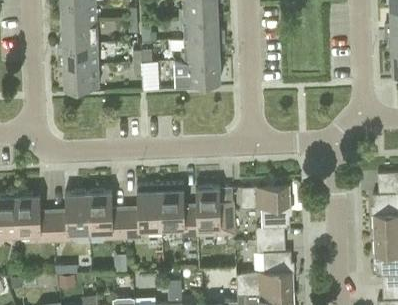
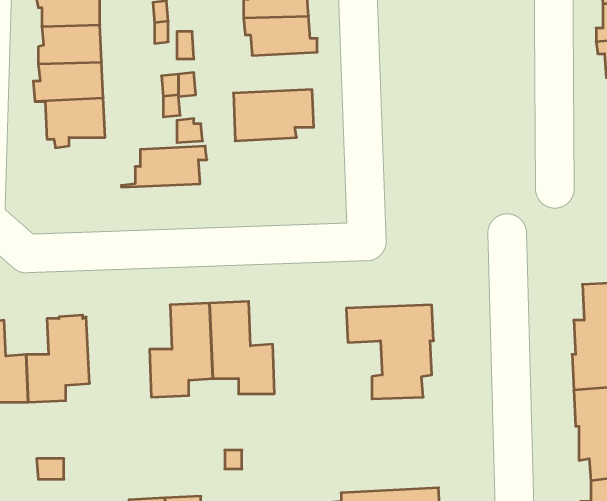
building: [174,38,224,62] -> [121,146,207,187]
building: [196,187,235,238] -> none
building: [88,191,126,240] -> none
building: [236,240,294,296] -> none

